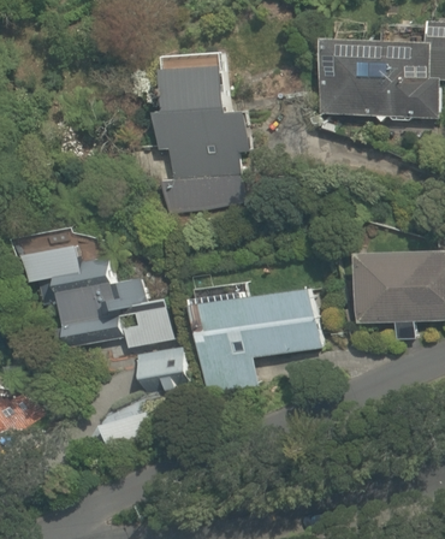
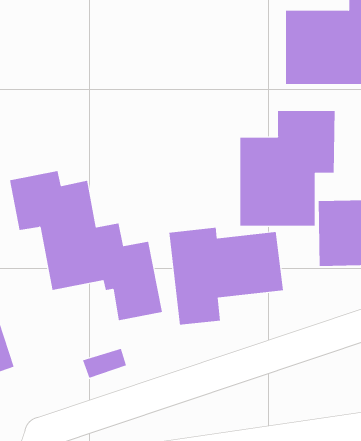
building: [150,52,247,206] -> none
building: none -> [240,110,335,227]

